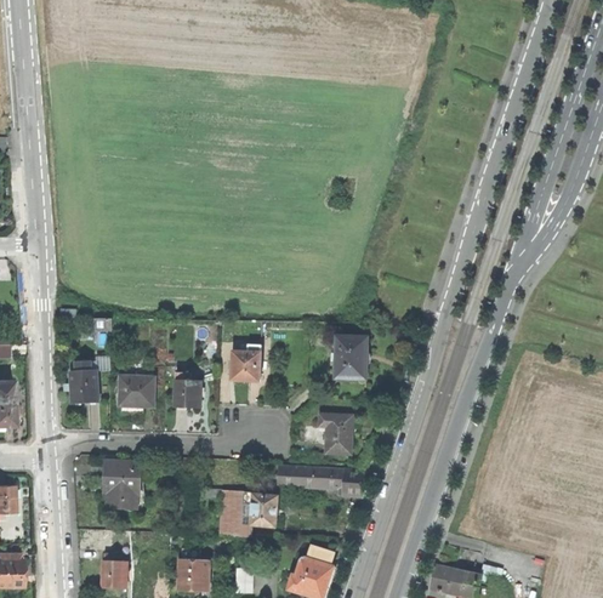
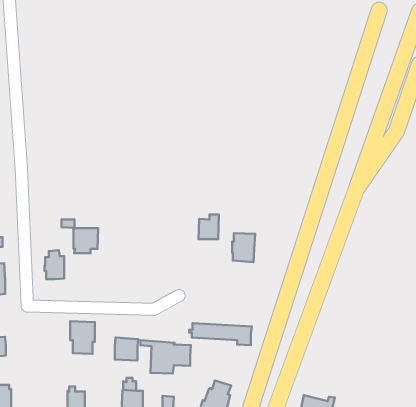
building: [232,344,261,380] -> [198,214,219,239]
building: [175,372,200,406] -> none
building: [118,376,153,411] -> [73,228,98,253]
building: [319,414,352,454] -> none
building: none -> [115,337,138,360]

